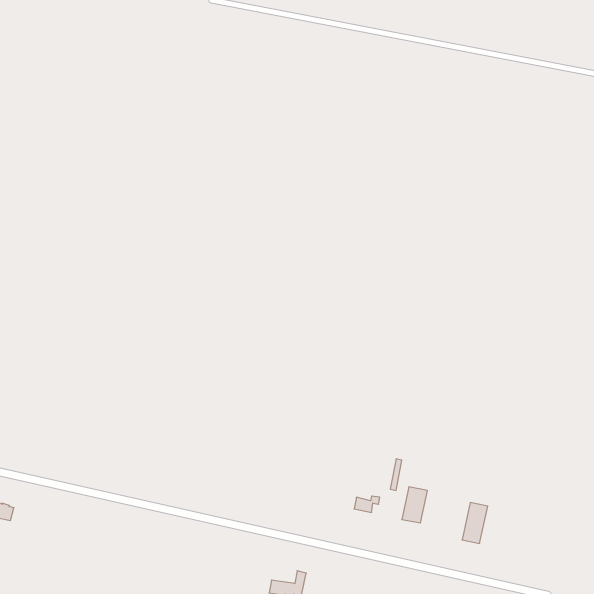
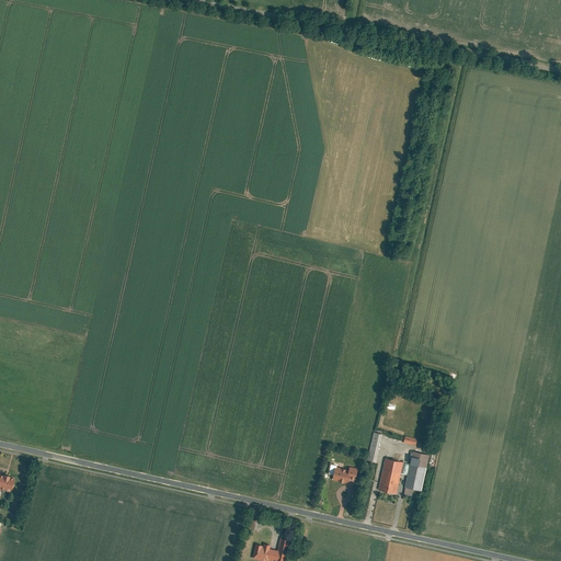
building: [462,503,488,543] -> [404,453,428,491]

